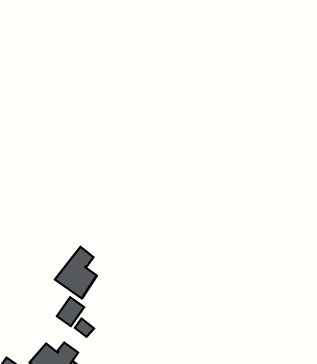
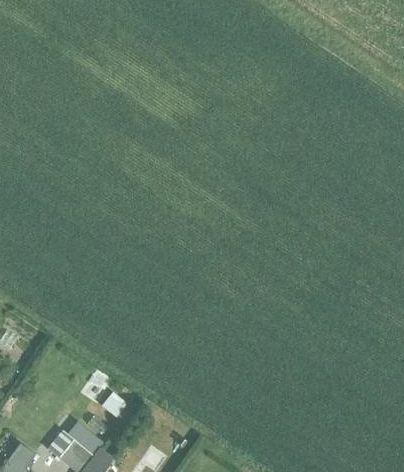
building: [55,247,97,299] -> none

